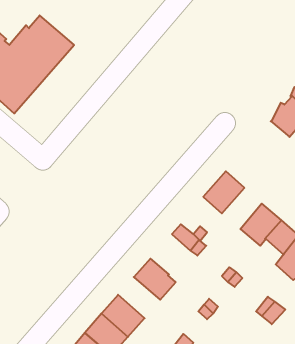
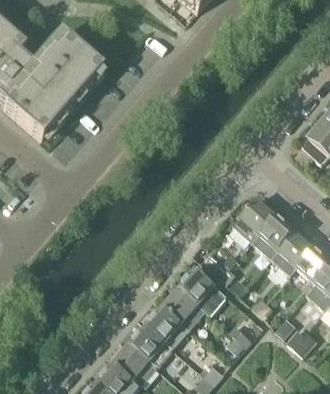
building: none -> [253,214,294,256]
building: none -> [180,266,228,314]
building: none -> [147,305,190,347]

